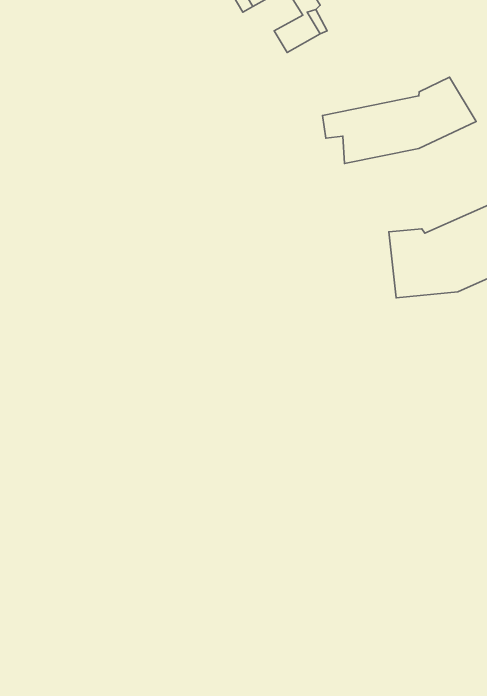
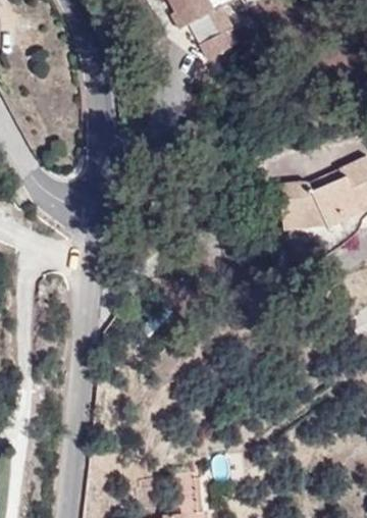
building: [322,77,476,164] -> none

